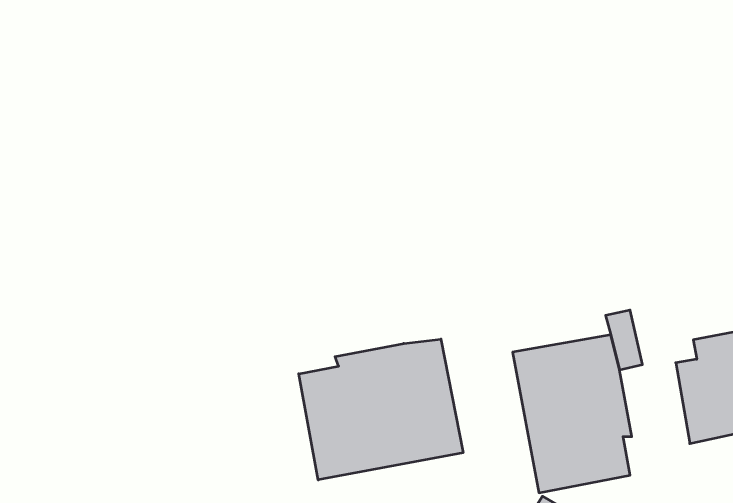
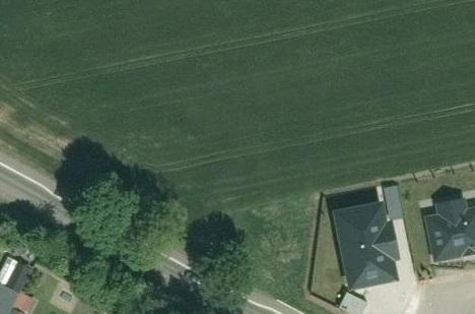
building: [299,339,463,480] -> none

